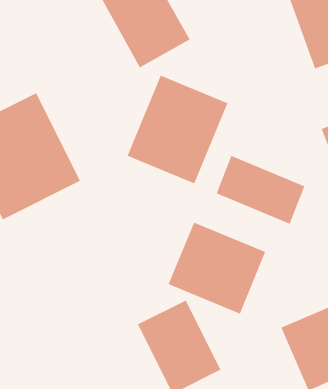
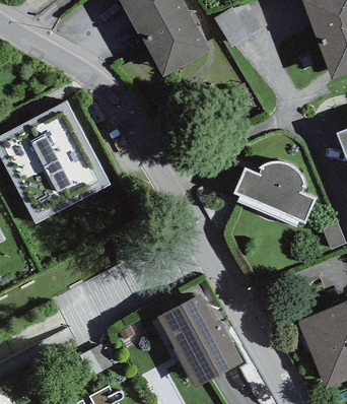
building: [127,75,228,184] -> none
building: [168,222,266,315] -> none

